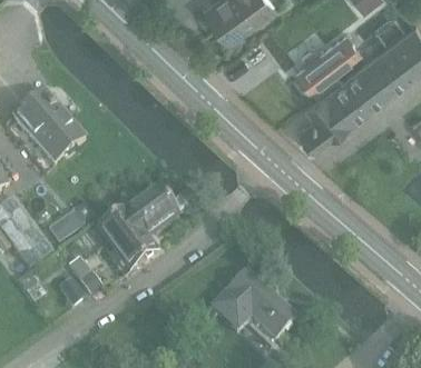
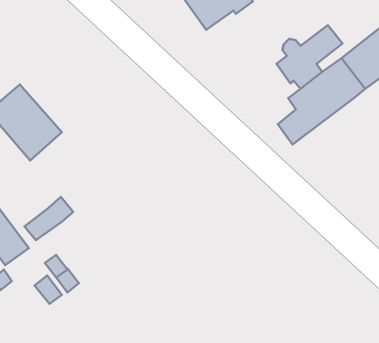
building: [96,189,174,269] -> none
building: [208,269,295,339] -> none

